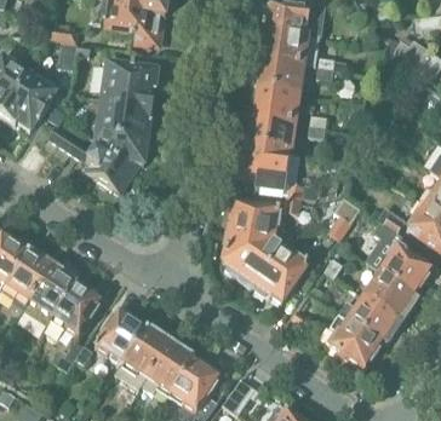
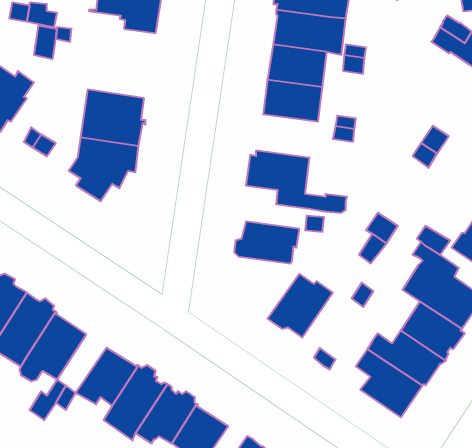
building: [102,60,155,102] -> none
building: [242,115,294,151] -> none
building: [222,233,279,286] -> none

